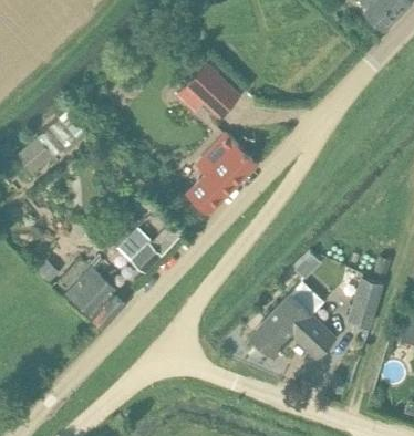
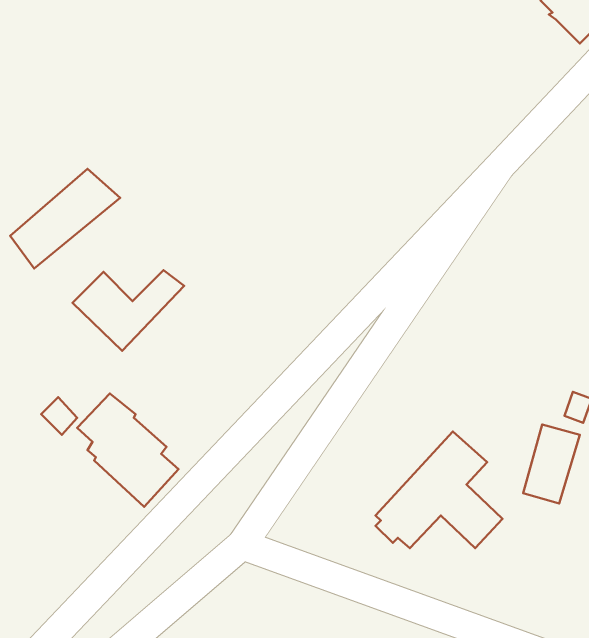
building: [186,66,240,118] -> none
building: [188,137,256,214] -> none
building: [113,222,185,274] -> [73,270,184,351]

